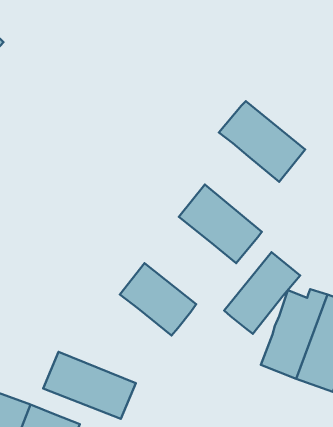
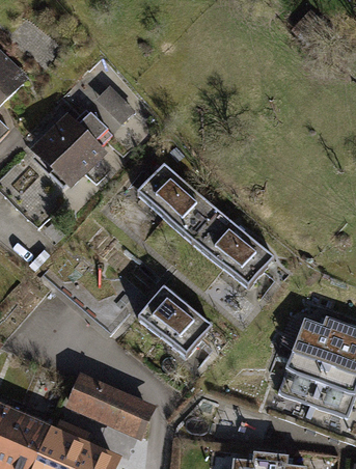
building: none -> [34,116,110,191]
building: [219,101,305,182] -> [141,168,224,246]
building: [224,252,300,334] -> none

